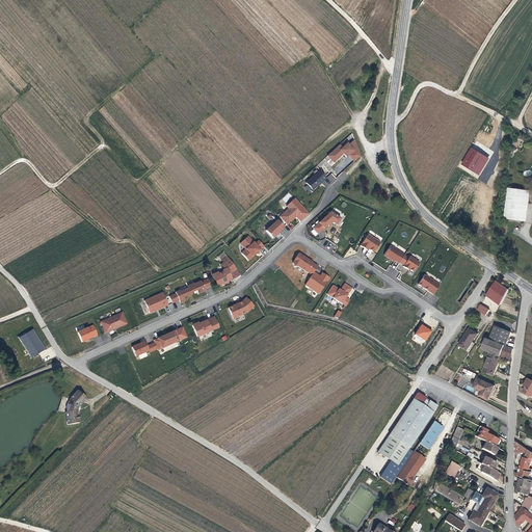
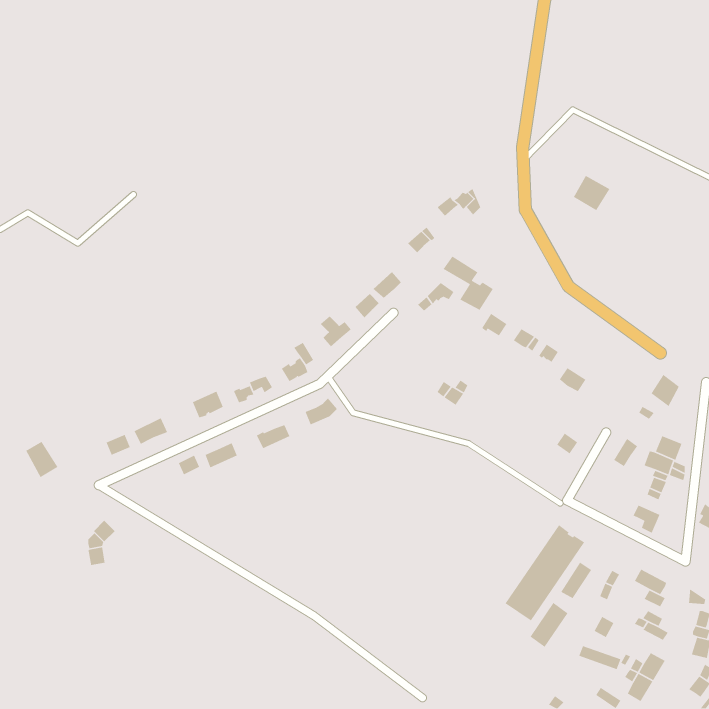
building: [462,147,490,174] -> [573,175,611,211]
building: [506,188,526,221] -> none
building: [293,251,331,293] -> [442,255,494,311]

